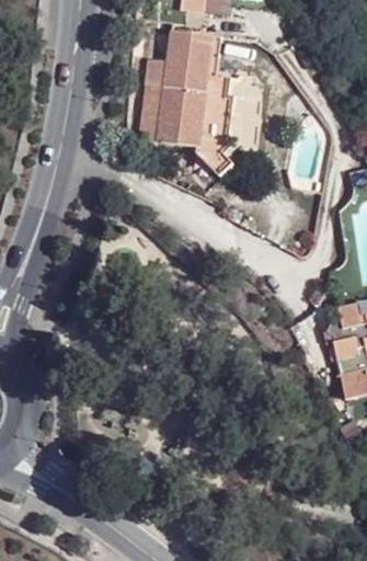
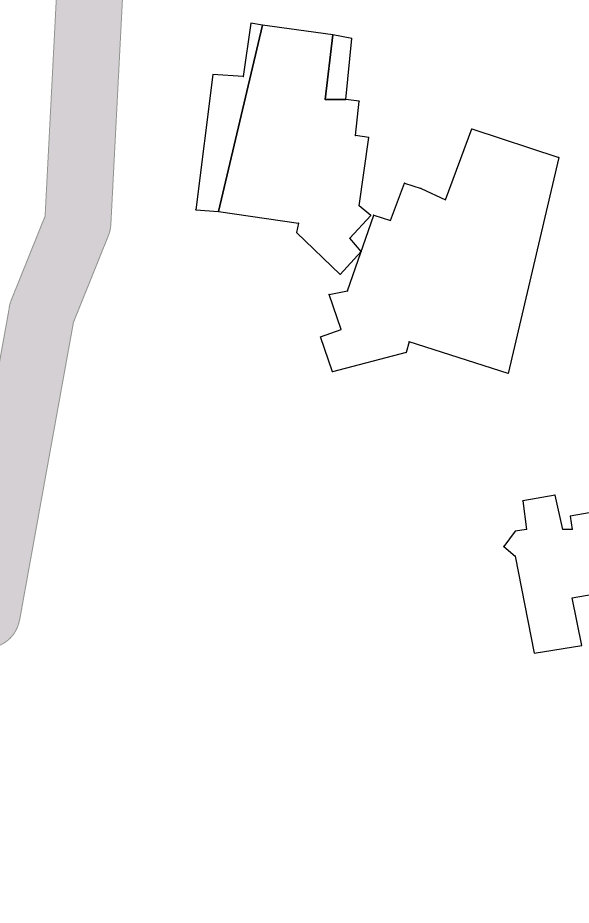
building: none -> [321,129,559,373]

